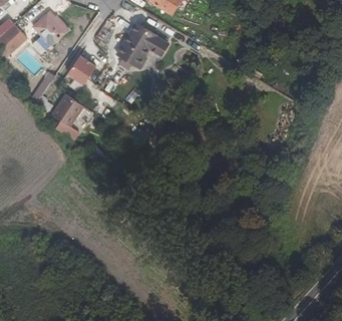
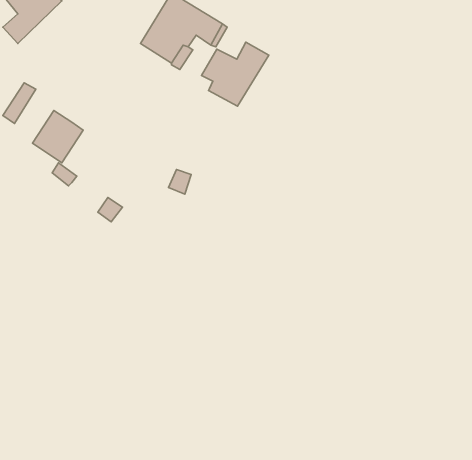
building: none -> [202,42,269,106]
building: [66,55,95,85] -> none

